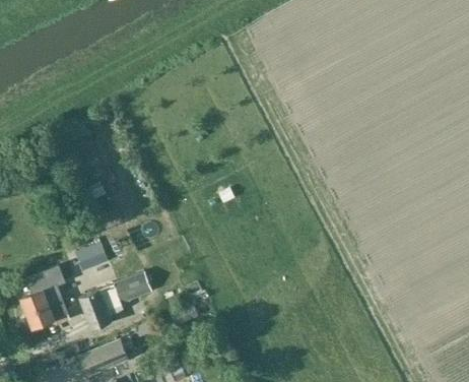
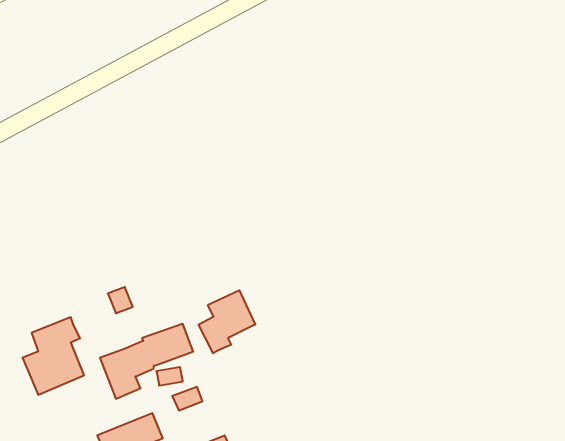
building: none -> [199,290,255,353]

